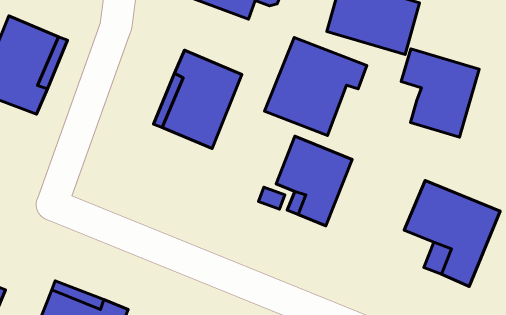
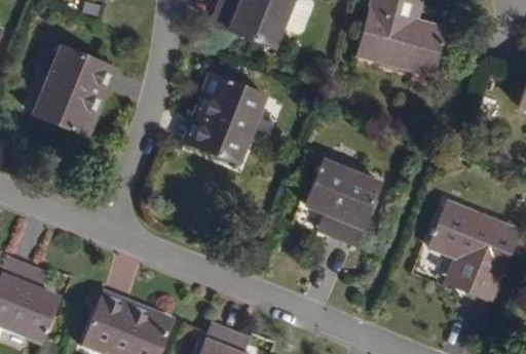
building: [265,37,367,135] -> none
building: [401,49,479,137] -> none

